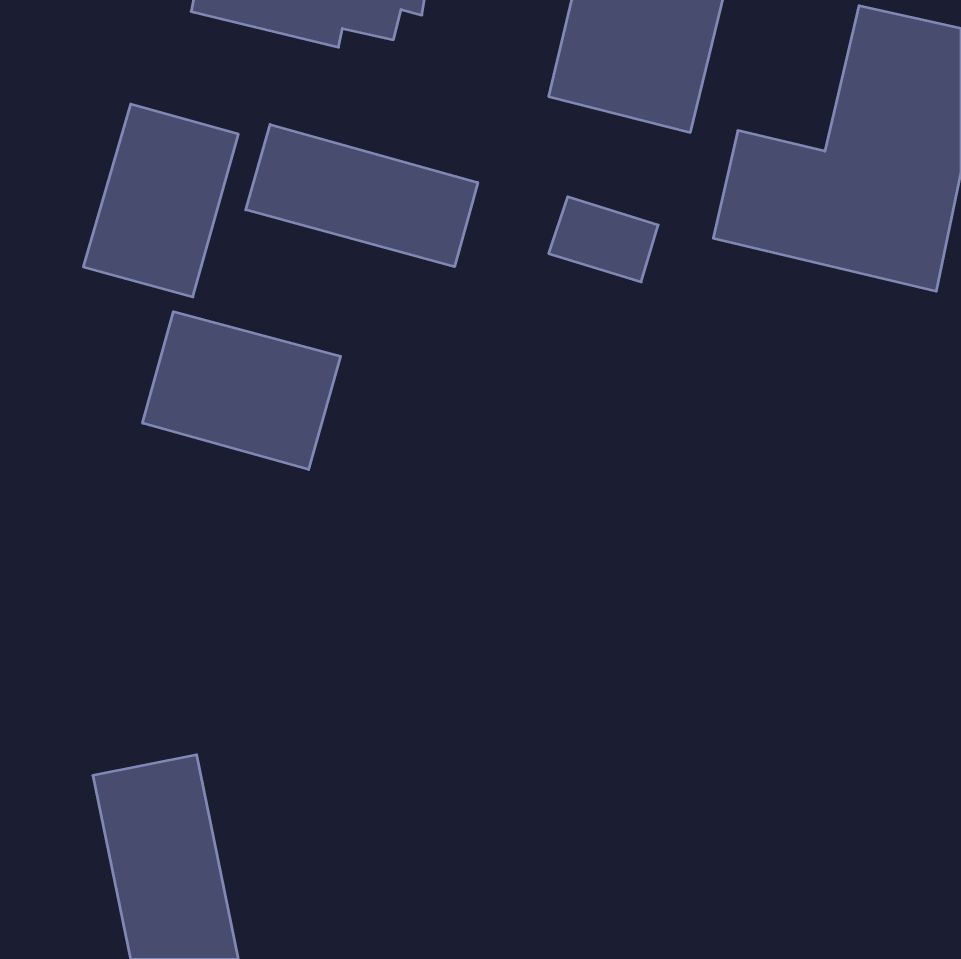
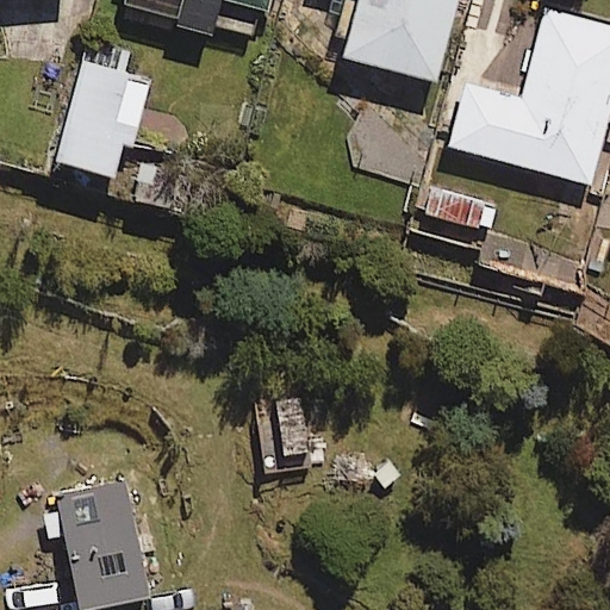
building: [246,124,478,267] -> none
building: [143,312,341,470] -> none

